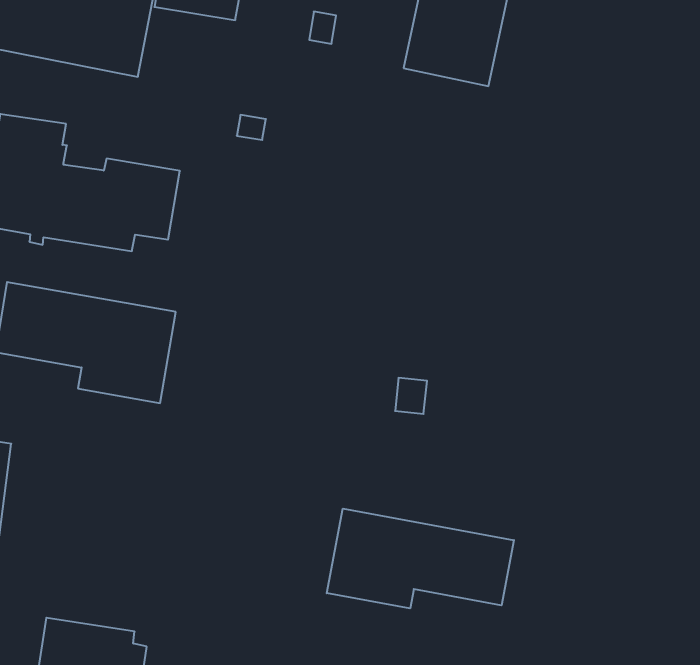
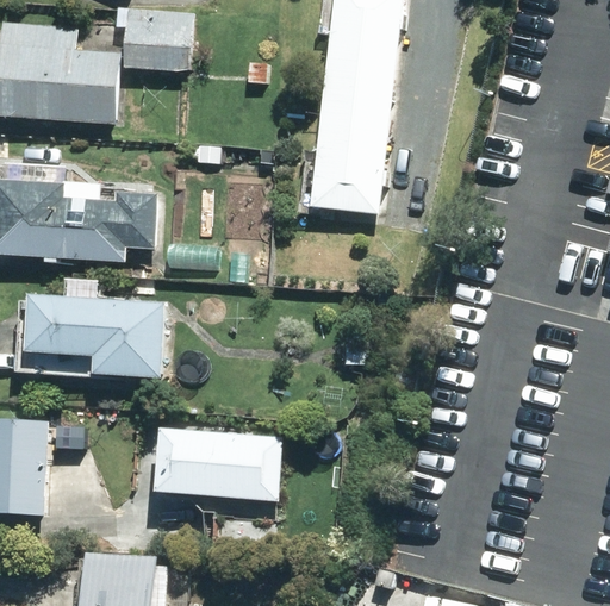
building: none -> [310,95,390,213]
building: none -> [154,429,280,502]
building: [327,509,514,608] -> none

